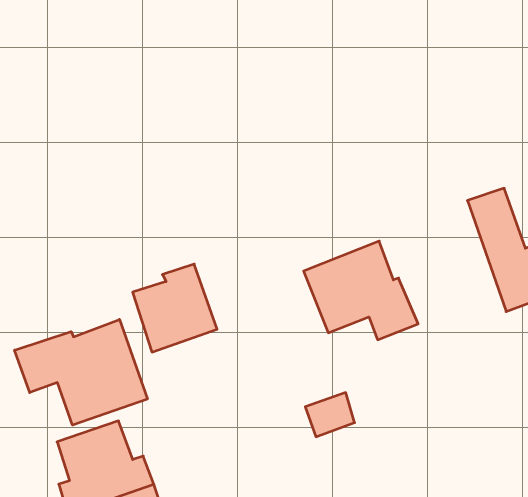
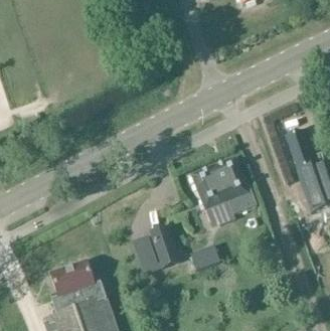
building: [133,264,217,352] -> [131,223,179,274]
building: [15,319,147,425] -> none

